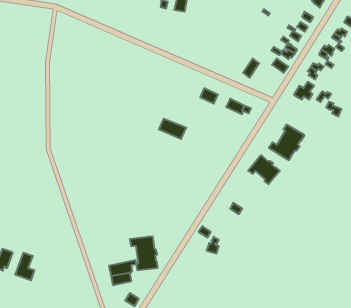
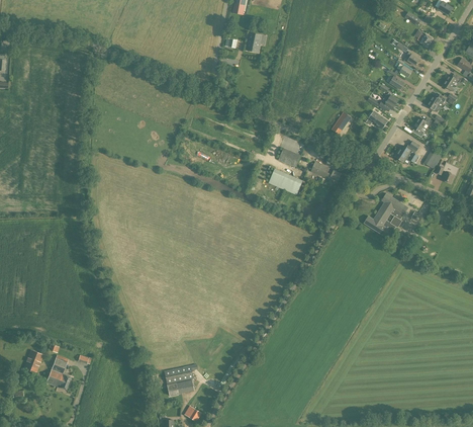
building: [159,119,186,139] -> [268,169,302,194]
building: [248,155,280,184] -> none
building: [130,236,157,270] -> none

